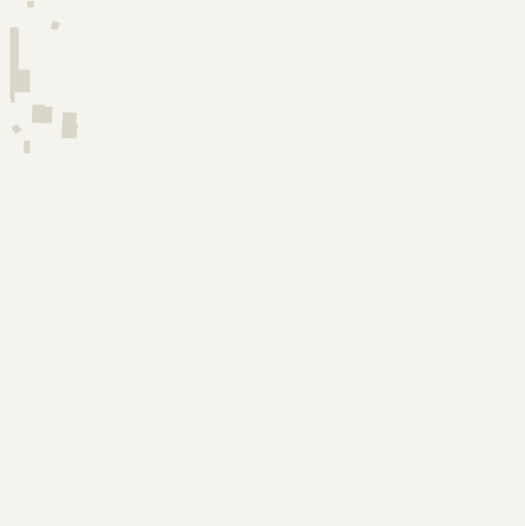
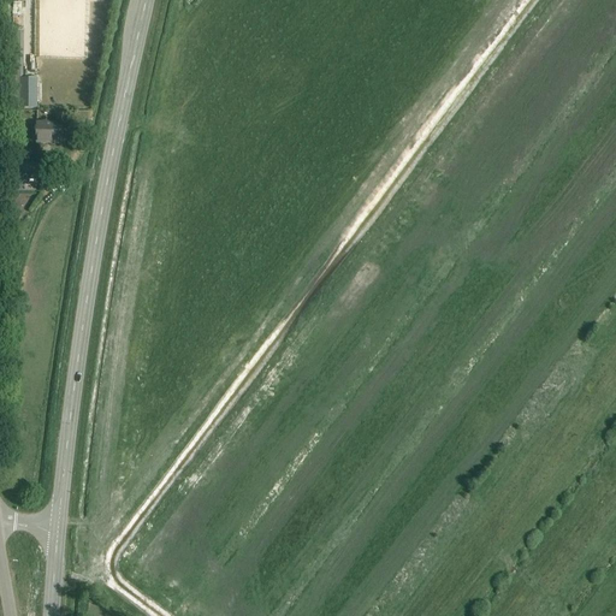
building: [61,112,78,139] -> none

